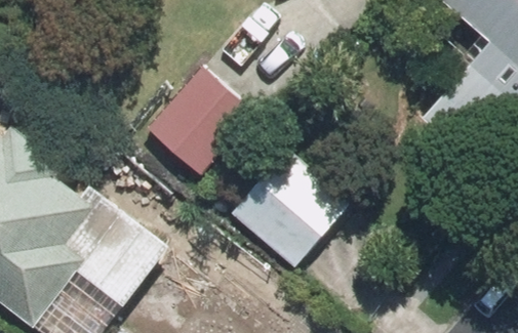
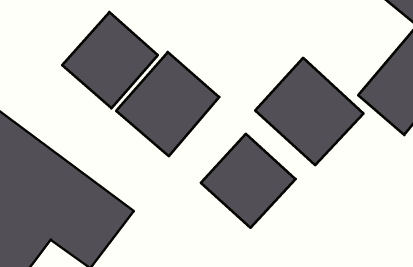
building: none -> [62,12,158,108]
building: none -> [255,58,363,165]

